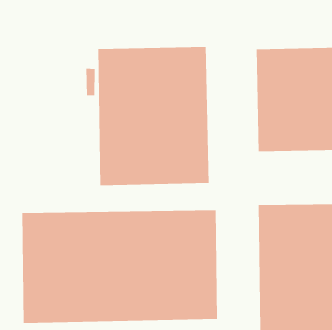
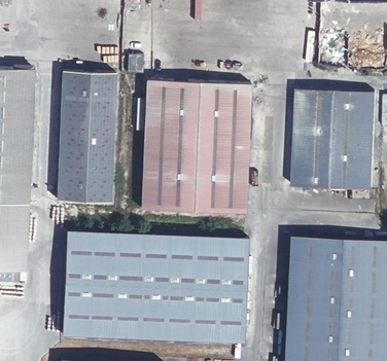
building: none -> [58,72,116,203]

